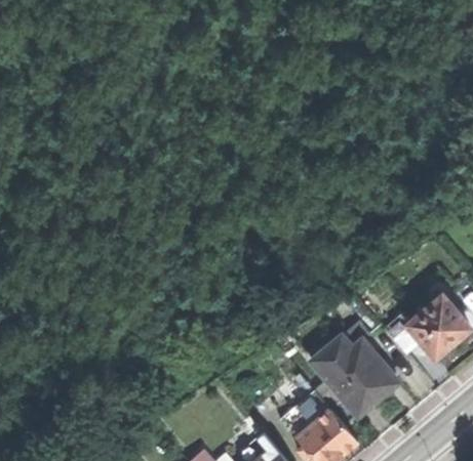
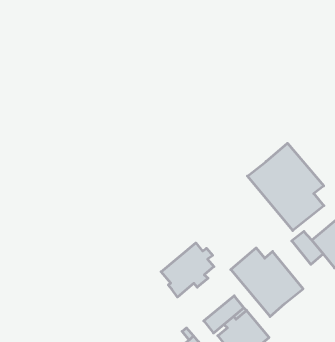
building: none -> [247,143,324,231]
building: none -> [161,243,214,297]

